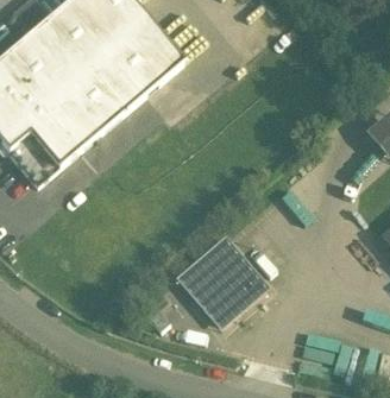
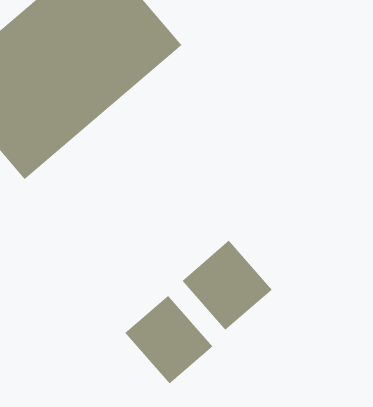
building: none -> [124,295,213,385]

